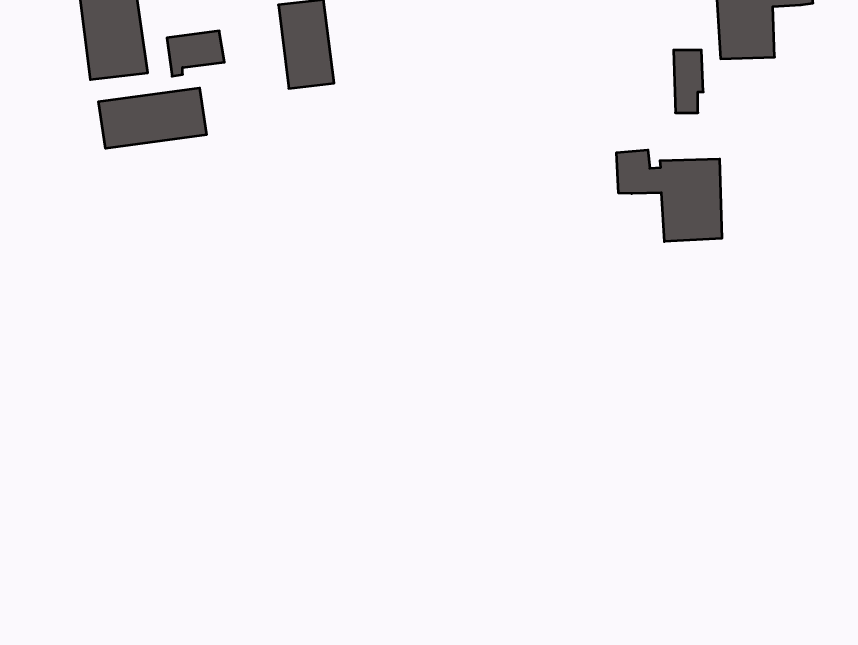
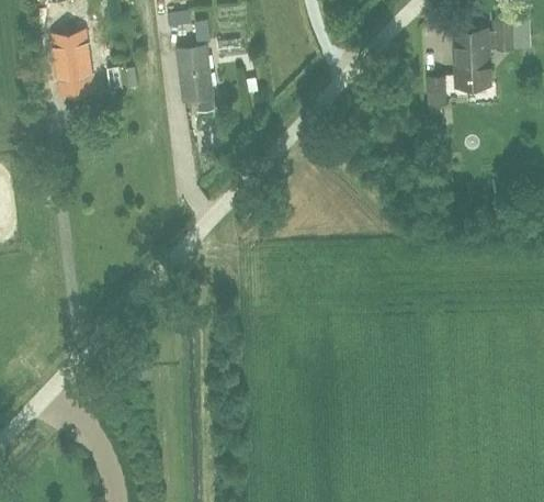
building: [99,88,206,148] -> none
building: [617,150,722,242] -> none

